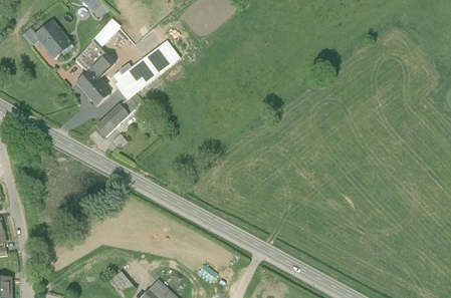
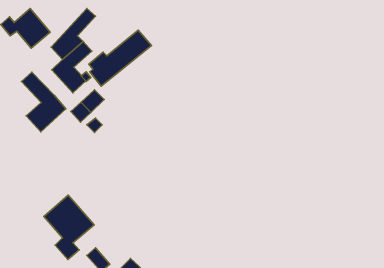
building: none -> [21,72,66,132]
building: none -> [44,195,94,259]

